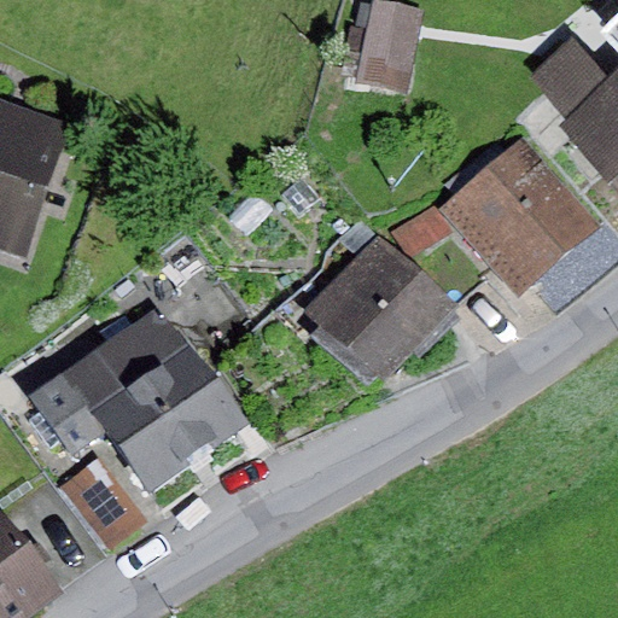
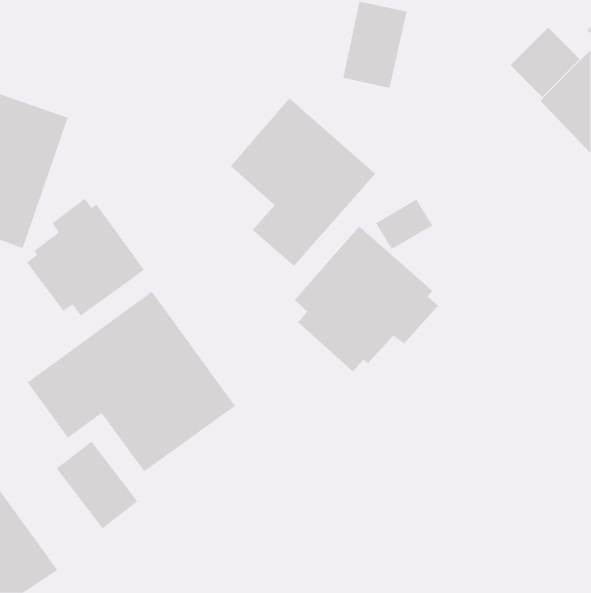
building: none -> [230,98,376,267]
building: [439,138,596,296] -> none
building: none -> [26,198,145,317]

